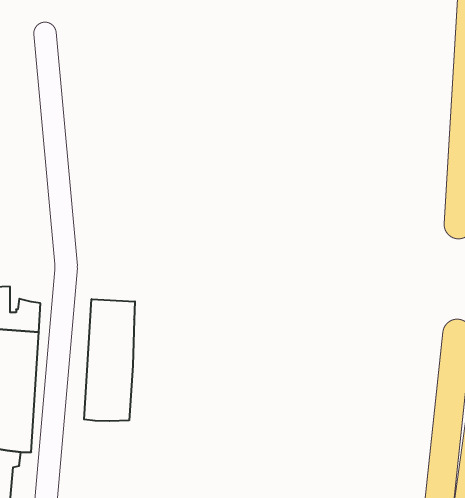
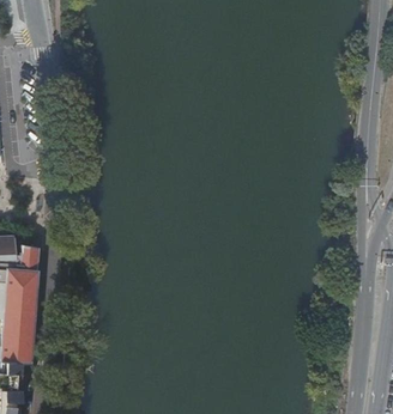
building: [84,299,135,421] -> none

